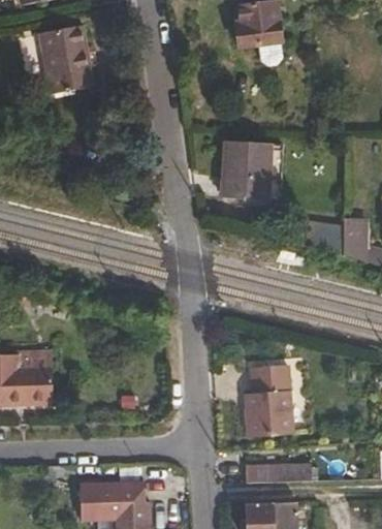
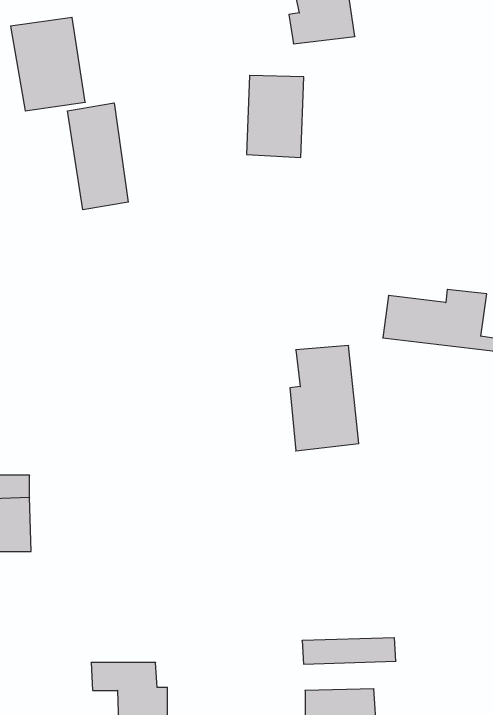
building: none -> [68,103,128,210]
building: [220,142,260,199] -> [247,75,304,157]
building: [245,367,293,441] -> [290,346,359,451]

